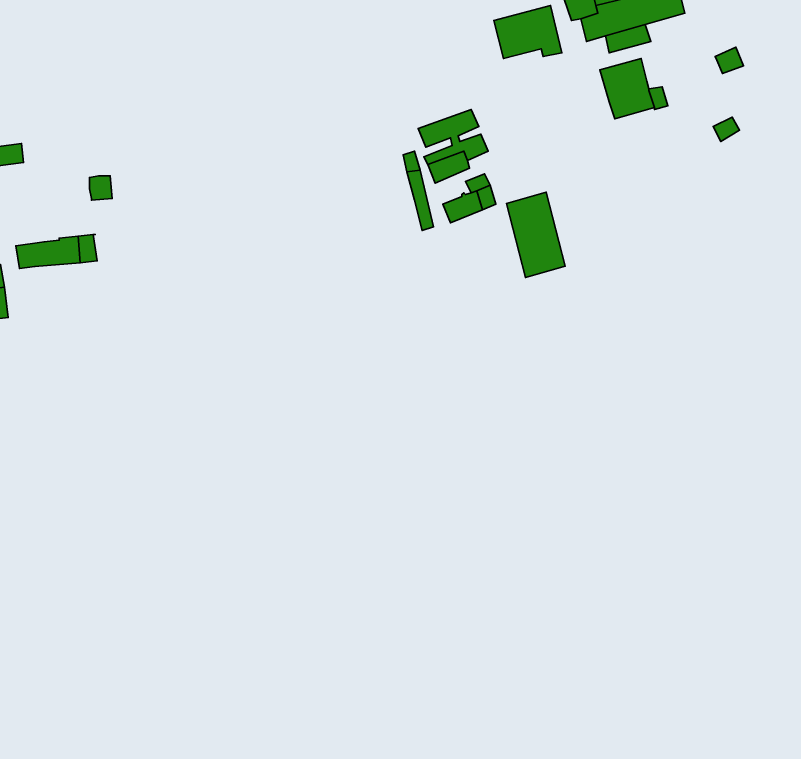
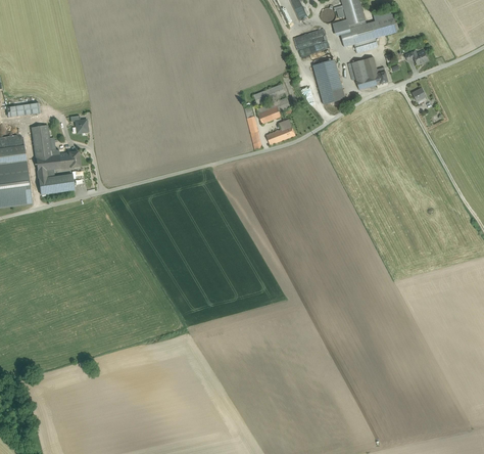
building: none -> [31,124,54,156]
building: [507,192,565,277] -> [312,57,344,103]
building: none -> [37,168,72,190]

